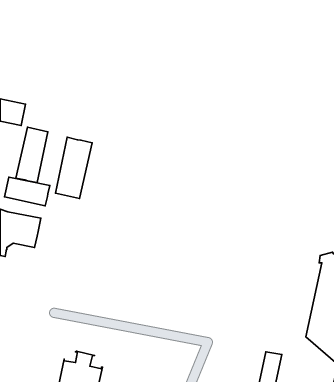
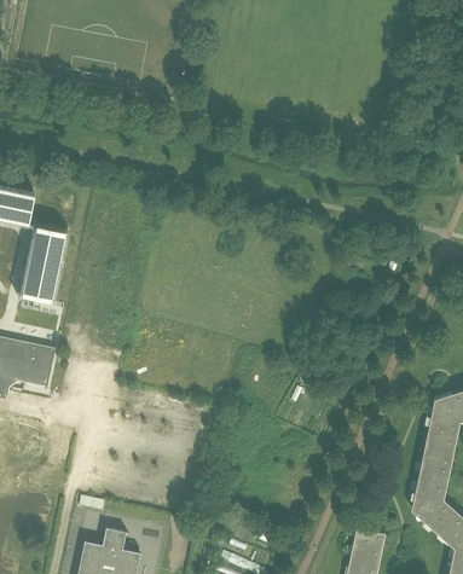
building: [56,137,92,198] -> none
building: [5,177,50,206] -> none

